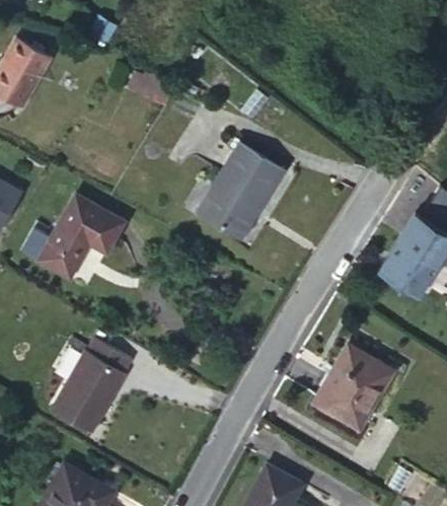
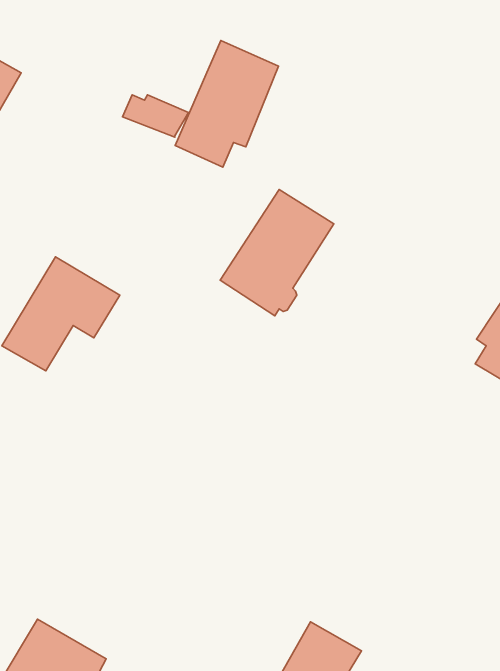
building: none -> [175,40,279,167]
building: [52,338,134,432] -> none
building: [315,350,388,421] -> none

